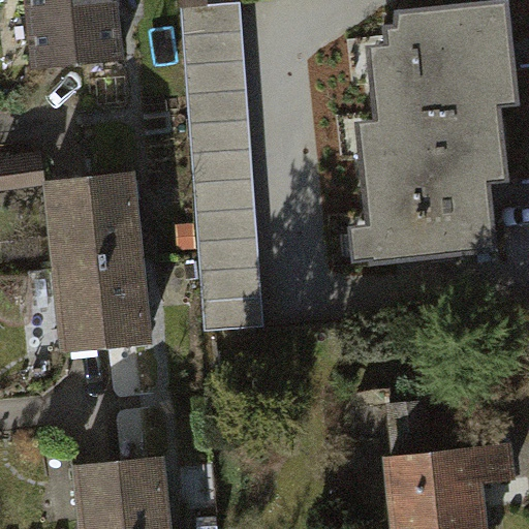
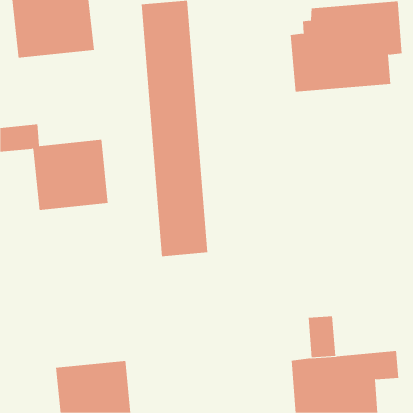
building: [351,107,503,262] -> none
building: [50,259,147,353] -> none

